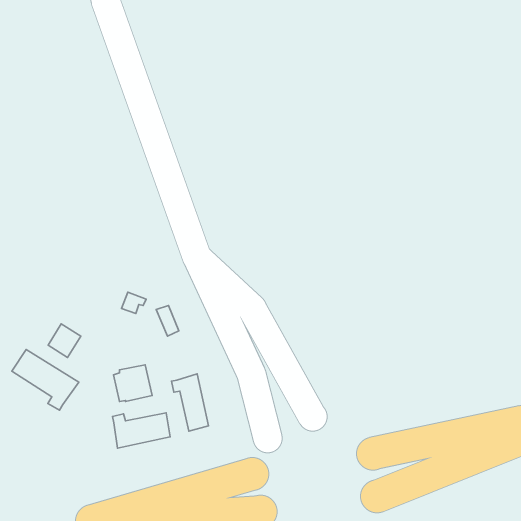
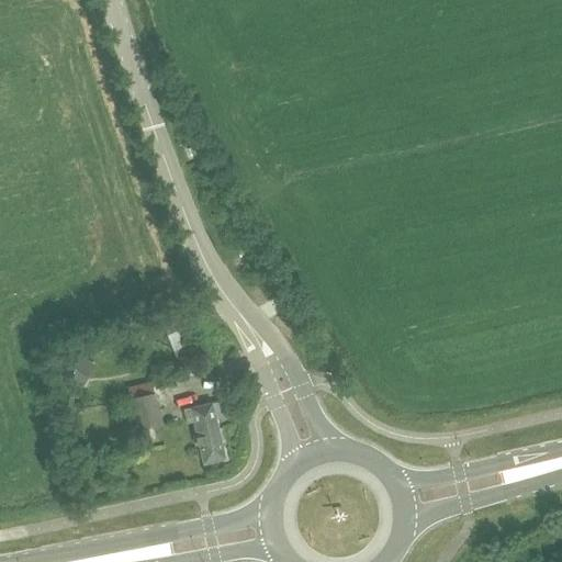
building: [12,350,79,410] -> none
building: [112,413,170,448] -> none

